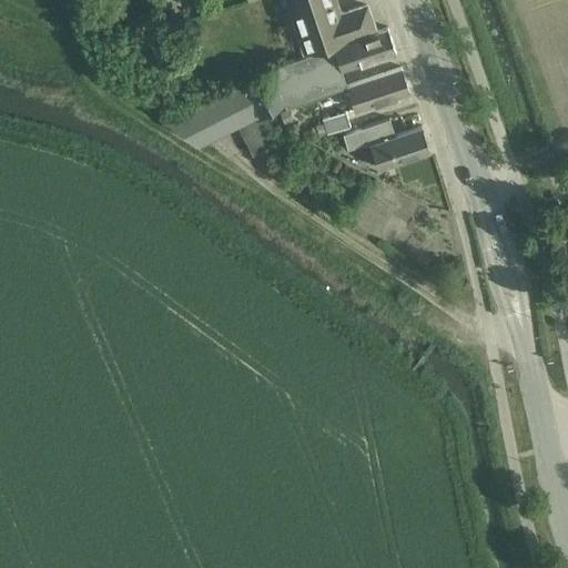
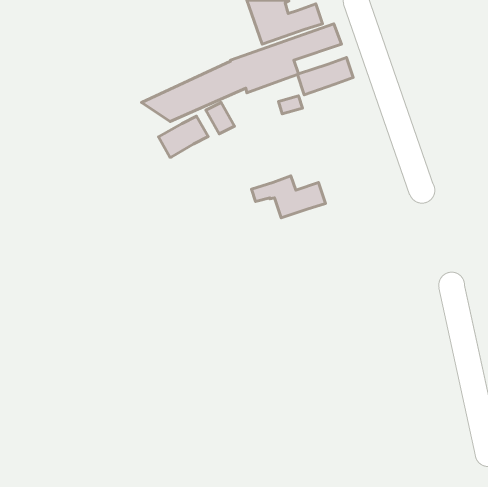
building: [344,120,429,169] -> [252,176,325,218]
building: none -> [158,116,208,157]

